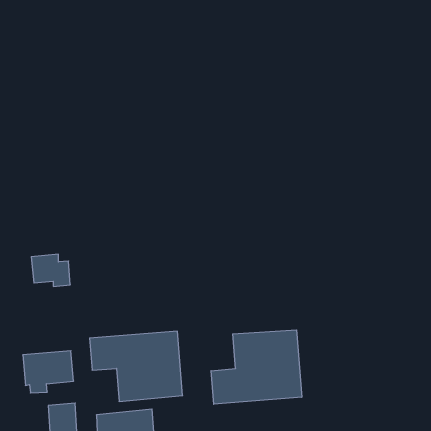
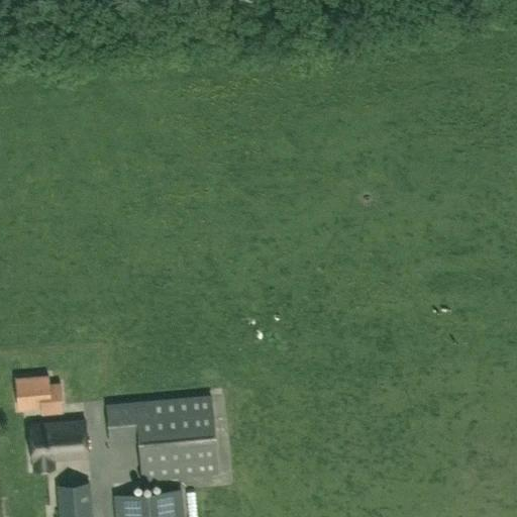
building: [31,254,70,286] -> [17,376,64,414]
building: [211,330,302,404] -> none

